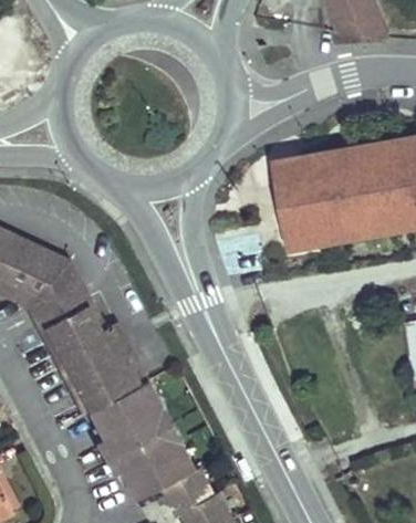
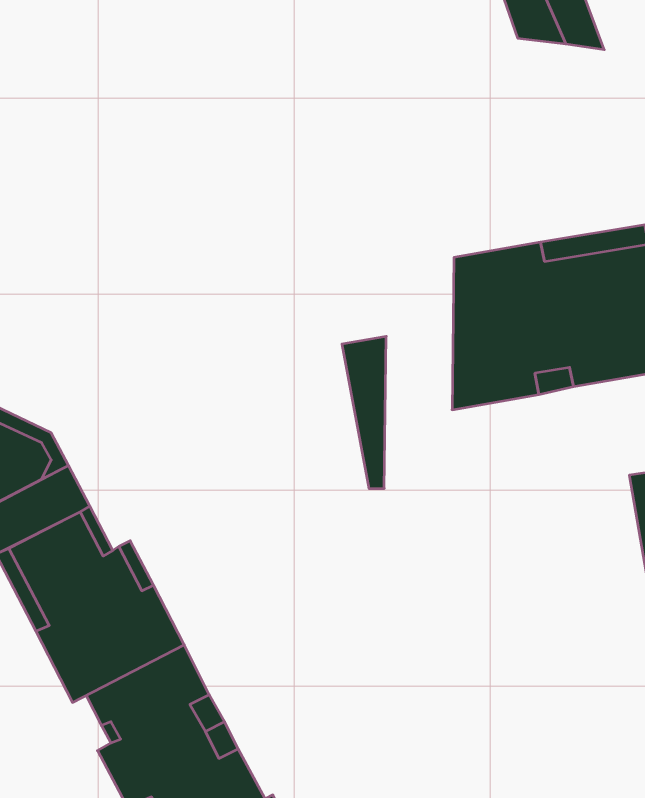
building: [274,159,300,247] -> [342,336,386,488]

